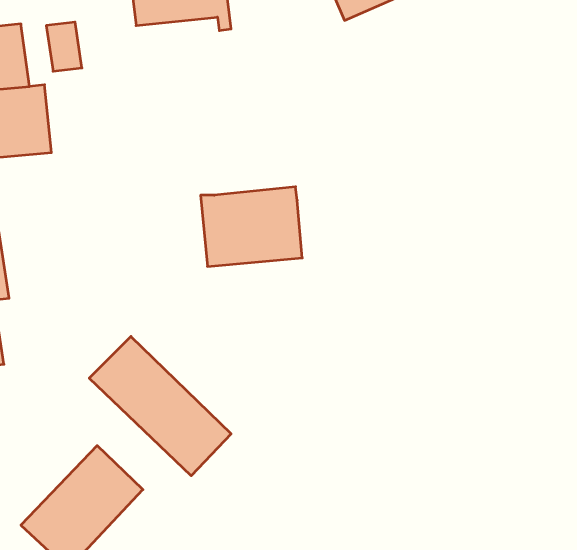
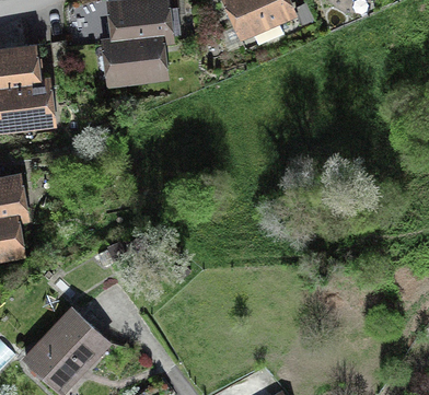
building: [201,187,302,266] -> [96,37,162,89]
building: [89,336,231,476] -> none

